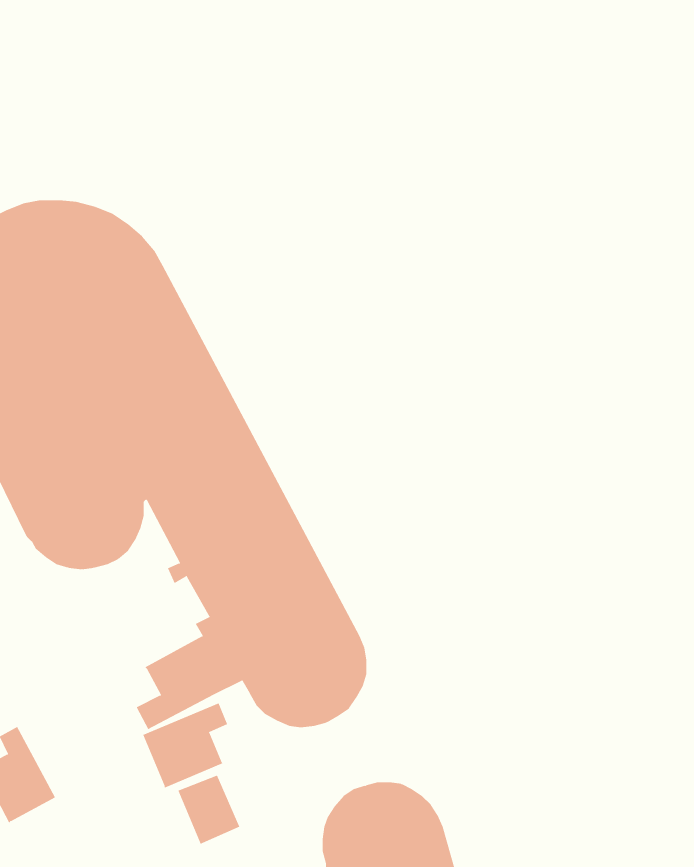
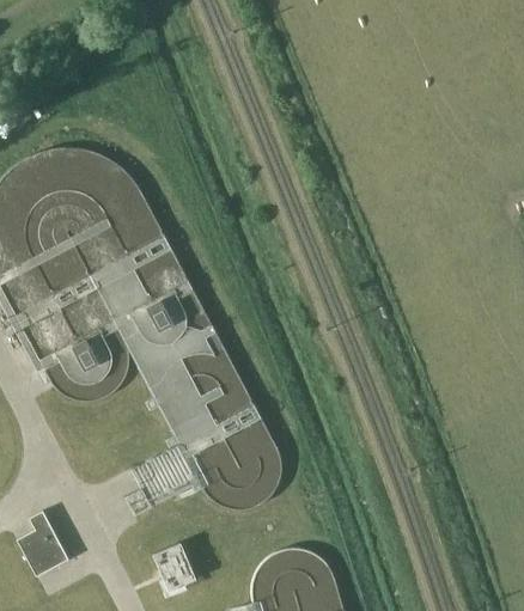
building: [143,702,228,789] -> none

